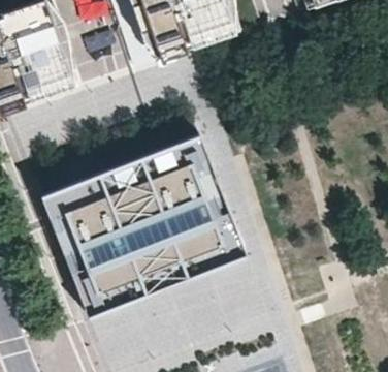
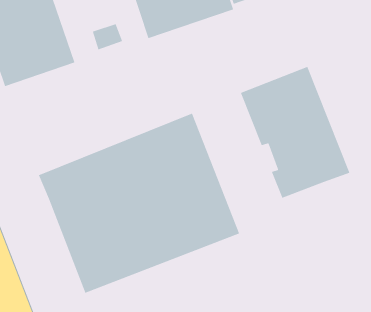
building: none -> [240,66,350,199]

